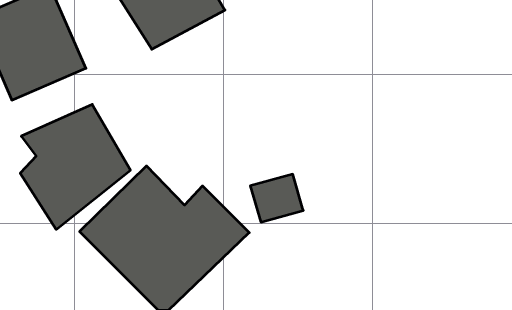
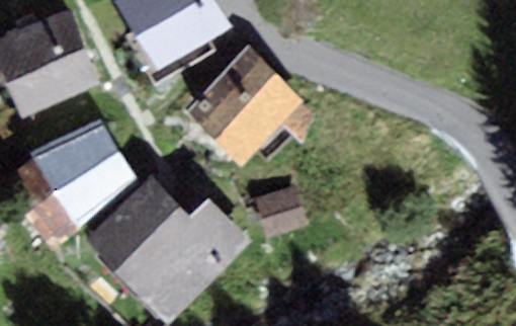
building: none -> [187,47,302,161]

